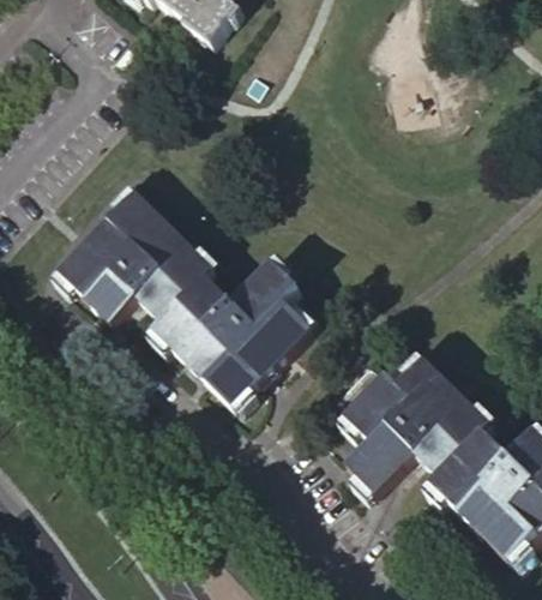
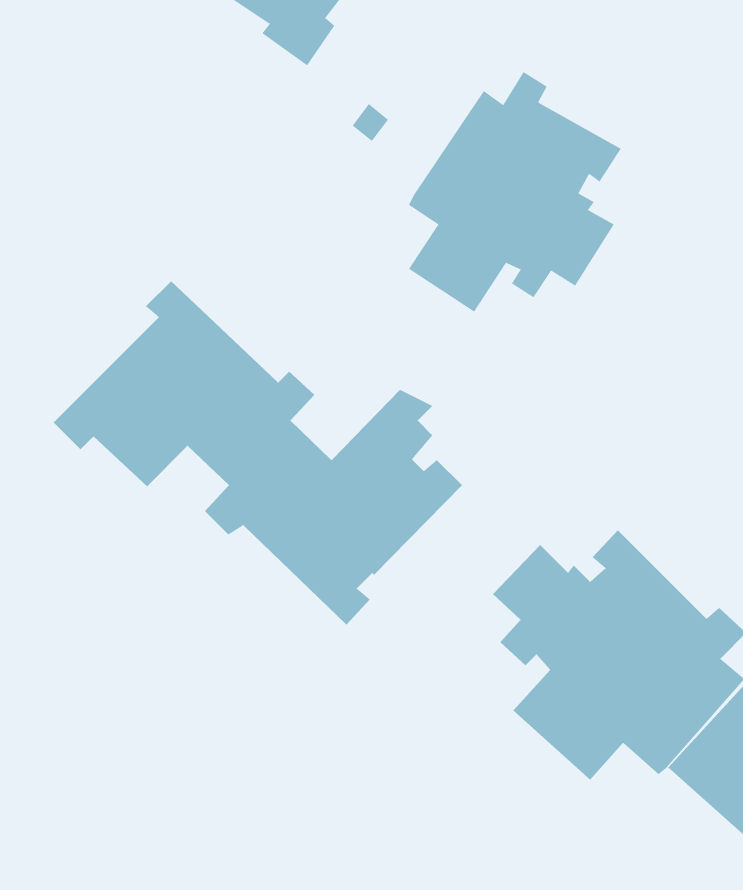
building: none -> [408,71,621,312]

